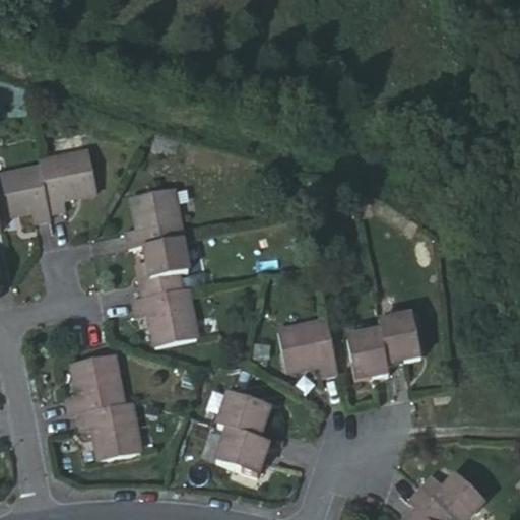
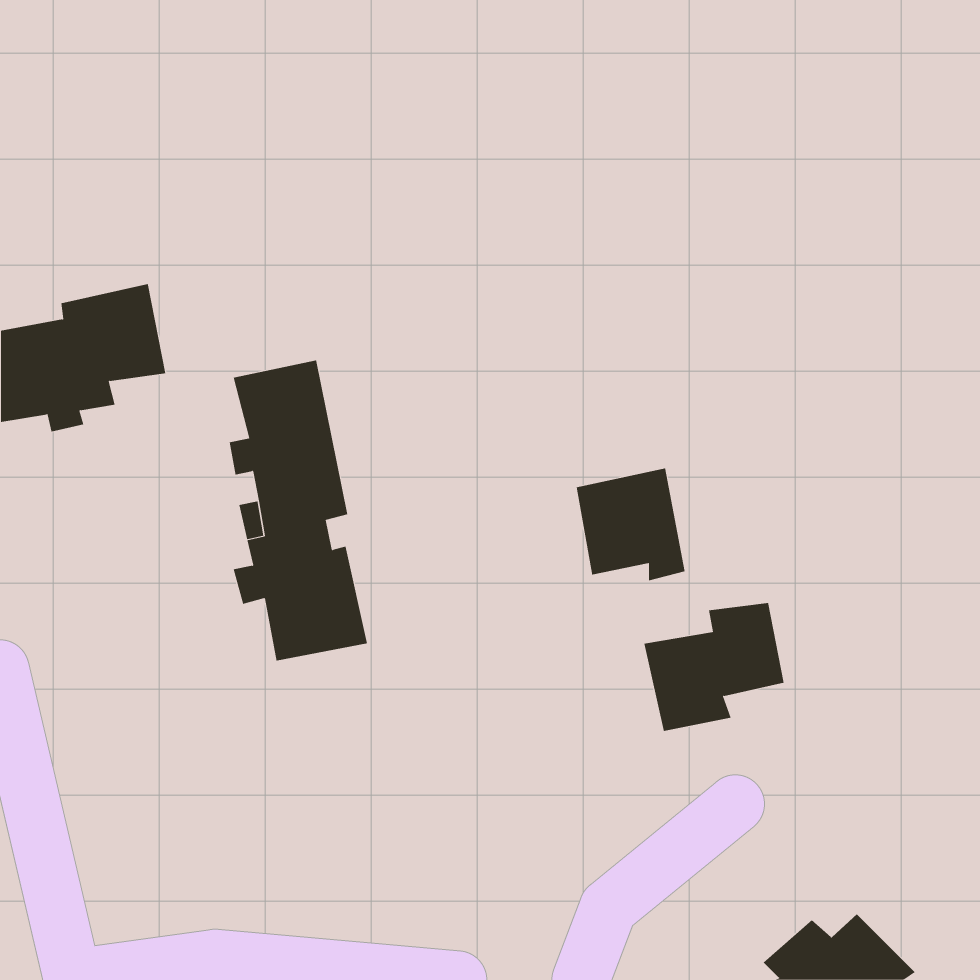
building: [280,315,337,374] -> [576,468,685,581]
building: [66,353,146,459] -> none
building: [214,392,270,473] -> none

